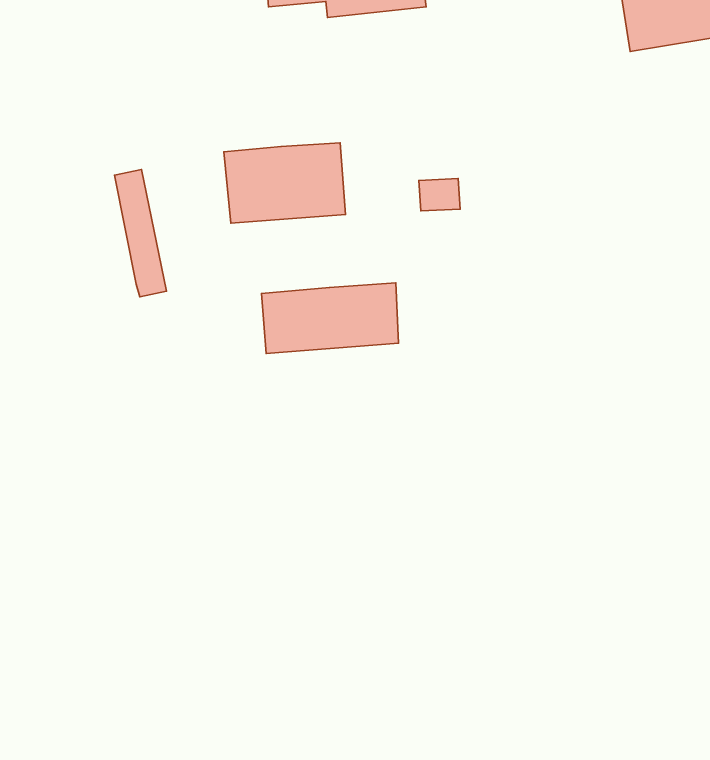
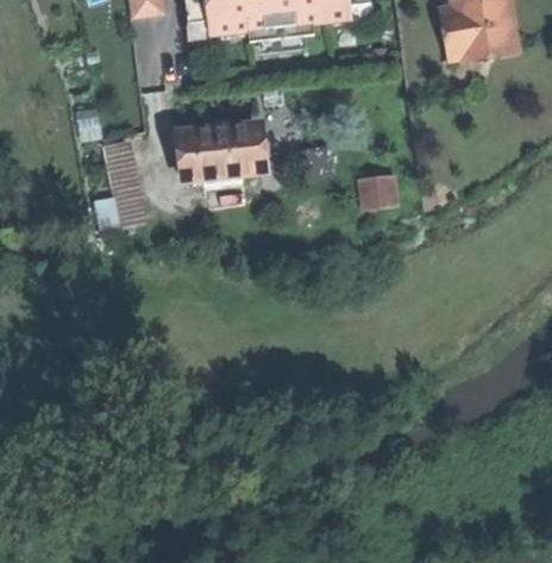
building: none -> [358,170,401,207]
building: [261,283,399,353] -> none

